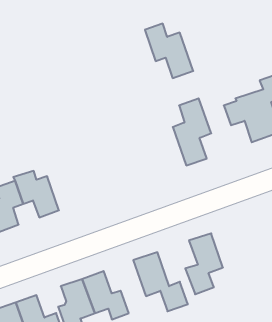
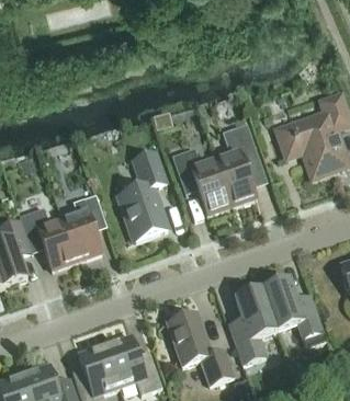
building: [145,24,193,78] -> [172,146,232,213]
building: none -> [118,149,168,238]
building: none -> [61,192,106,259]
building: none -> [262,277,327,345]

